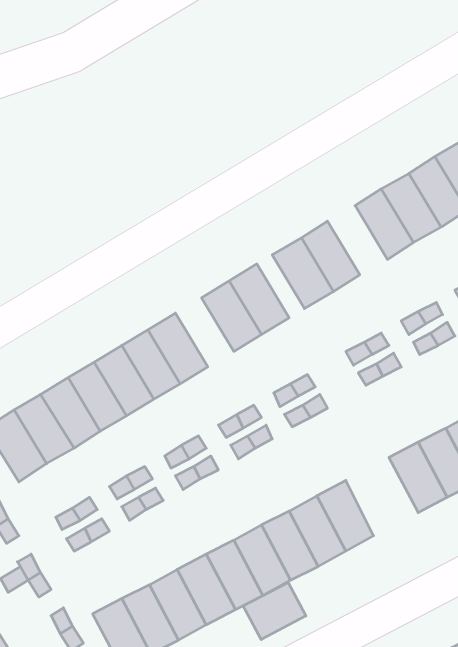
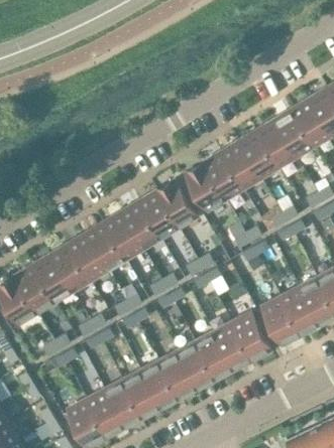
building: none -> [220,142,259,187]
building: none -> [120,202,158,248]
building: none -> [232,313,269,358]
building: [243,582,306,640] -> none

